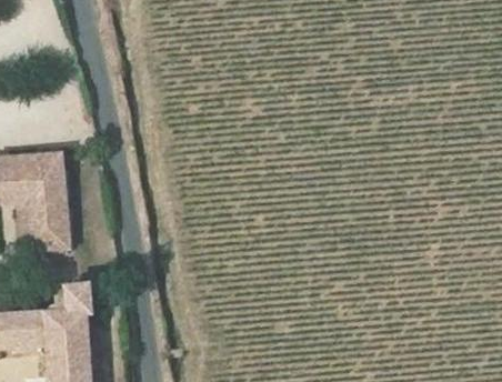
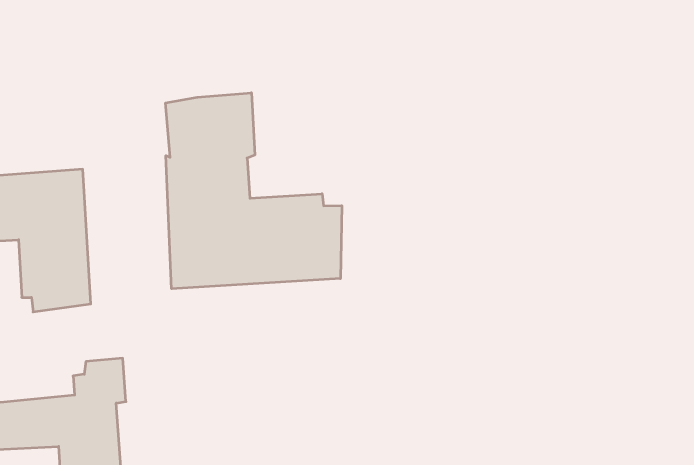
building: none -> [166,93,342,289]

